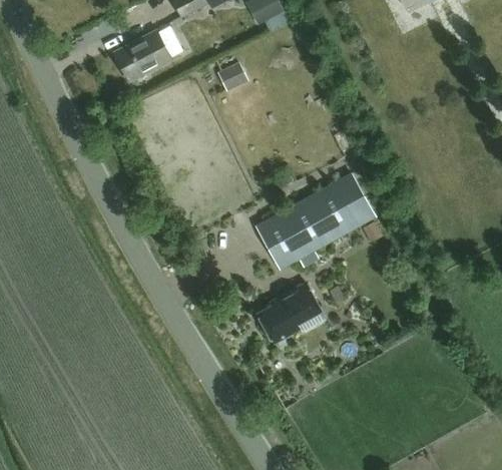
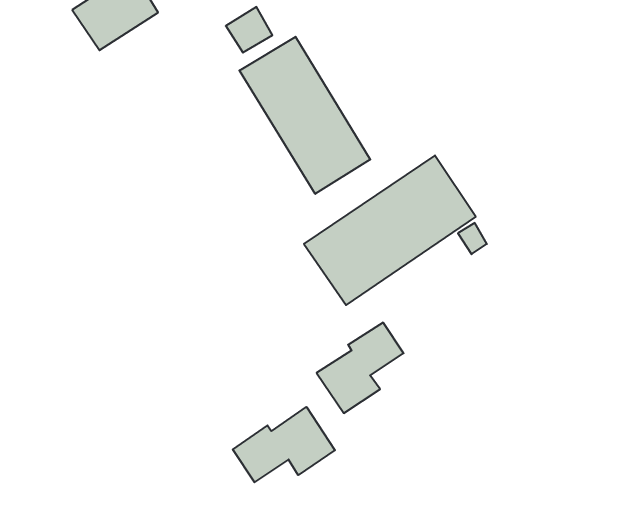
building: none -> [239,37,370,194]
building: none -> [233,407,335,482]

